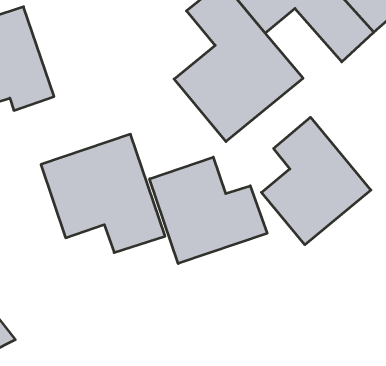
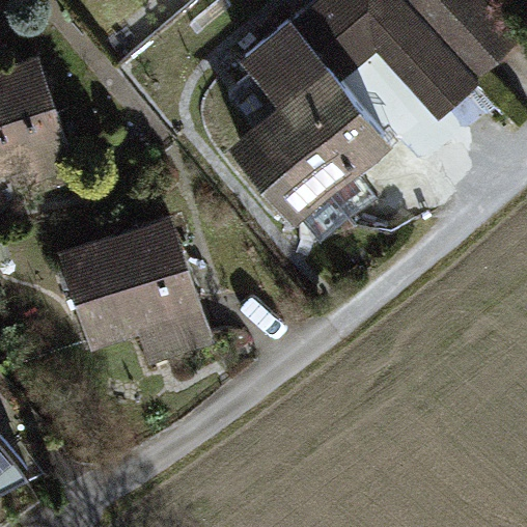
building: [261,117,371,245] -> none
building: [150,157,267,264] -> none

